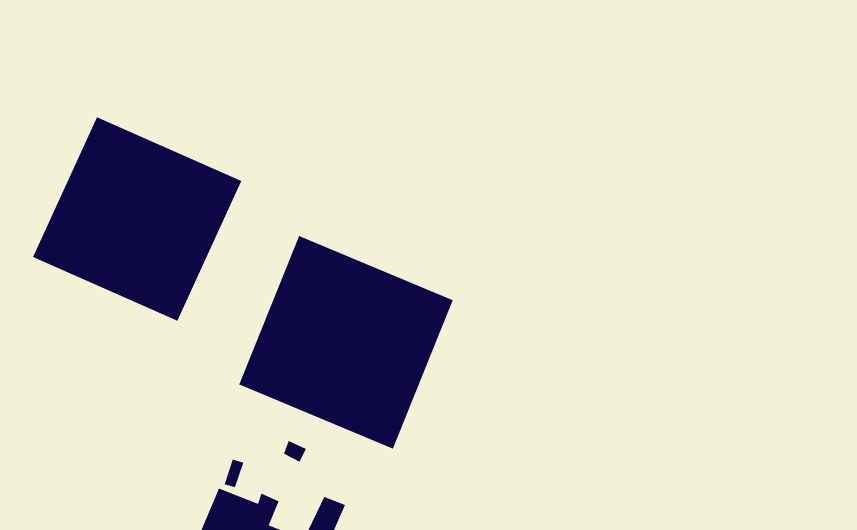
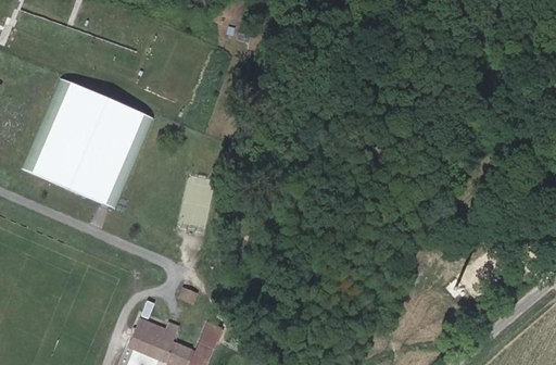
building: [239,235,453,449] -> none

